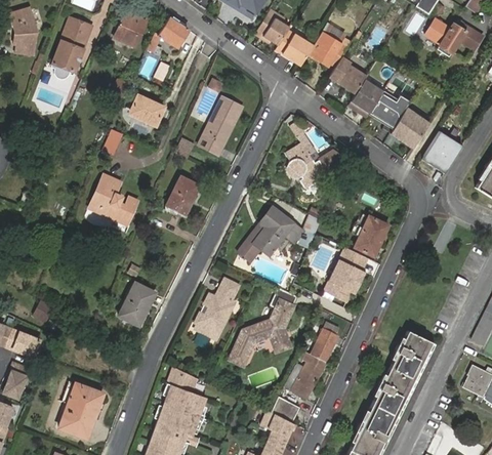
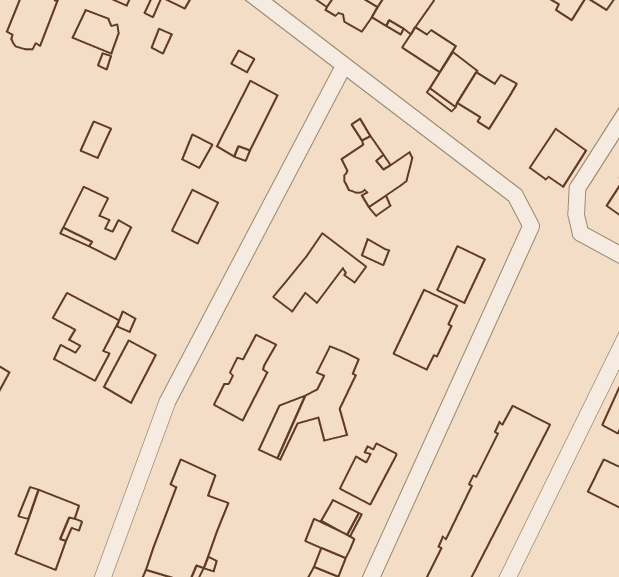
building: [129,93,162,124] -> [72,10,119,54]
building: [392,109,429,150] -> none
building: none -> [53,293,119,381]
building: [311,330,334,363] -> none

